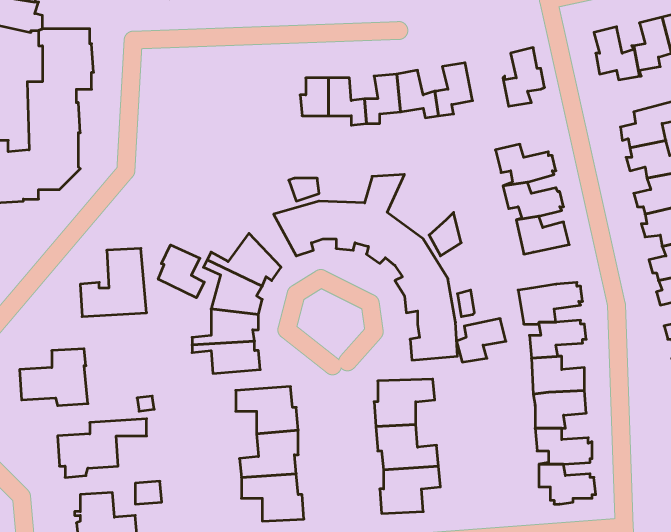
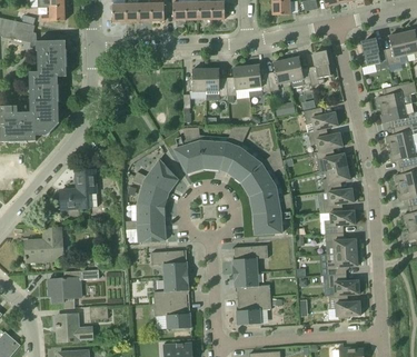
building: none -> [286,57,311,88]
building: [158,245,204,298] -> none
building: [457,319,506,362] -> [321,167,350,192]

